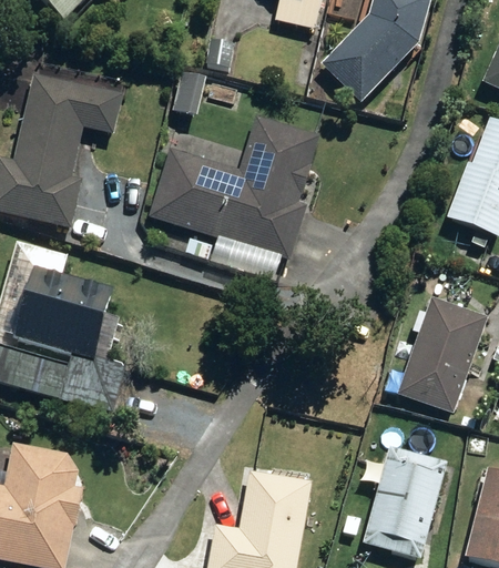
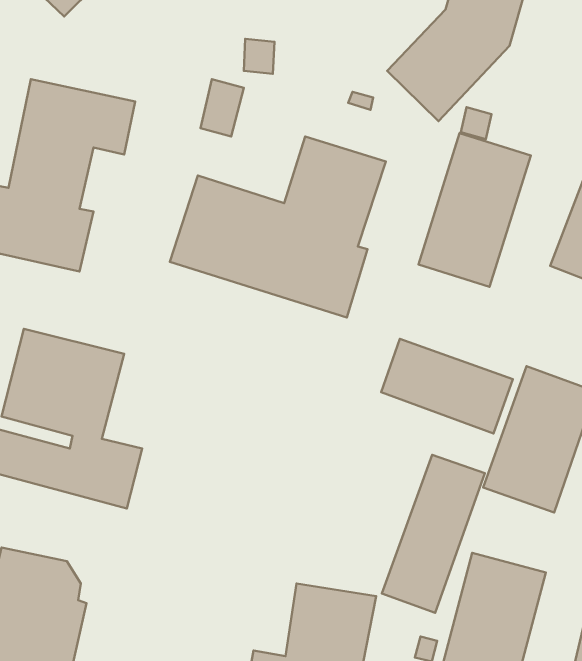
building: none -> [418,133,531,287]
building: none -> [381,339,513,433]
building: none -> [382,455,485,613]

